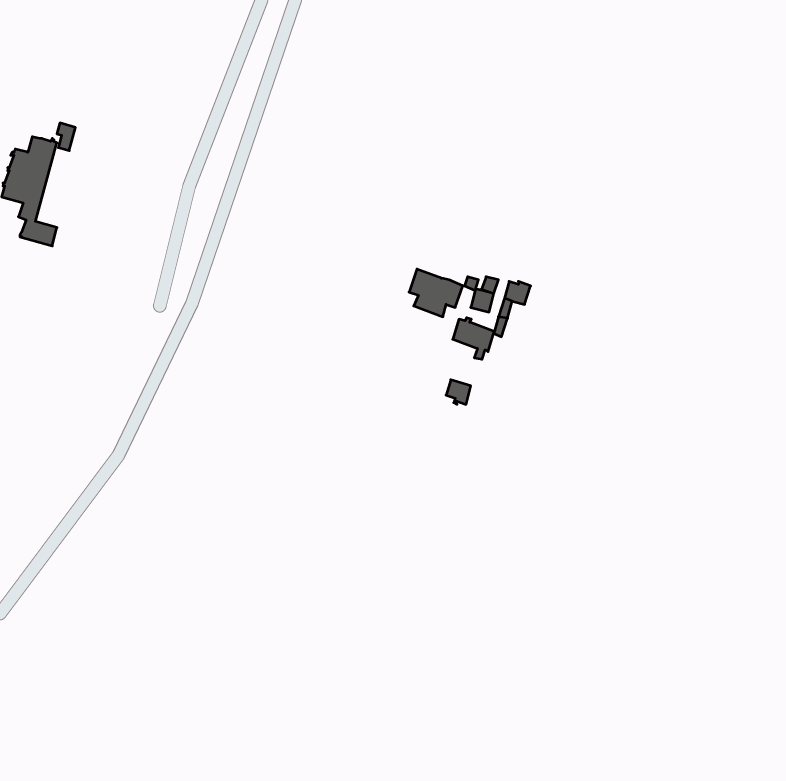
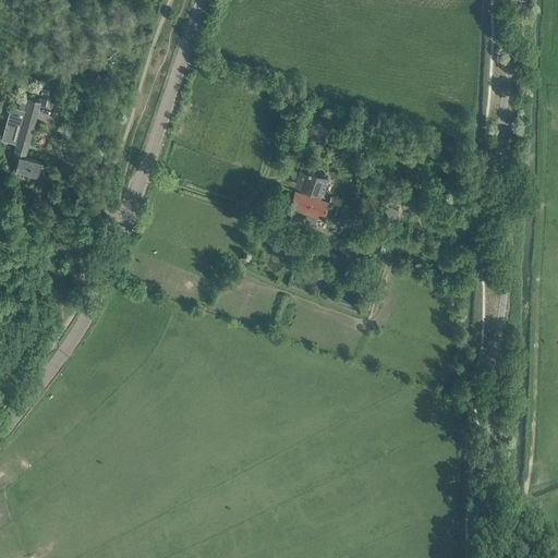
building: [453,318,494,359] -> [298,172,327,202]

